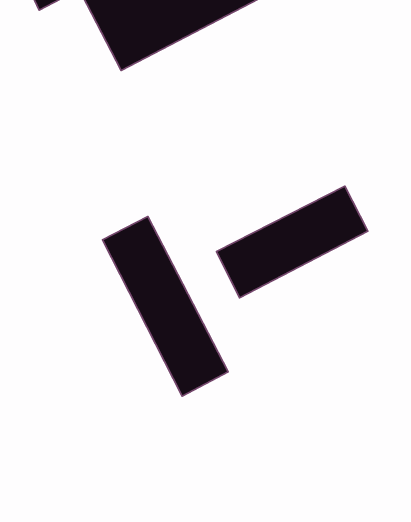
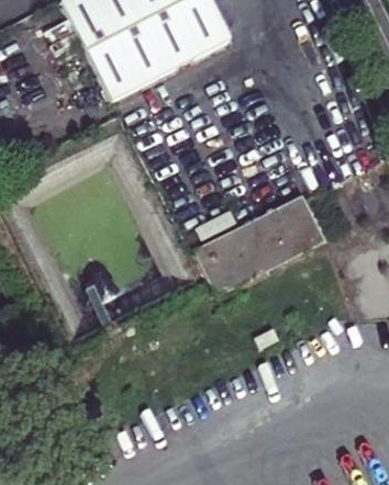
building: [103,217,228,396] -> none

